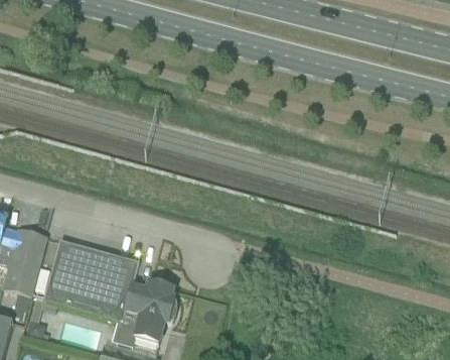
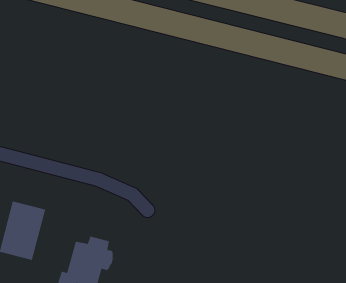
building: [83,248,139,321] -> none

